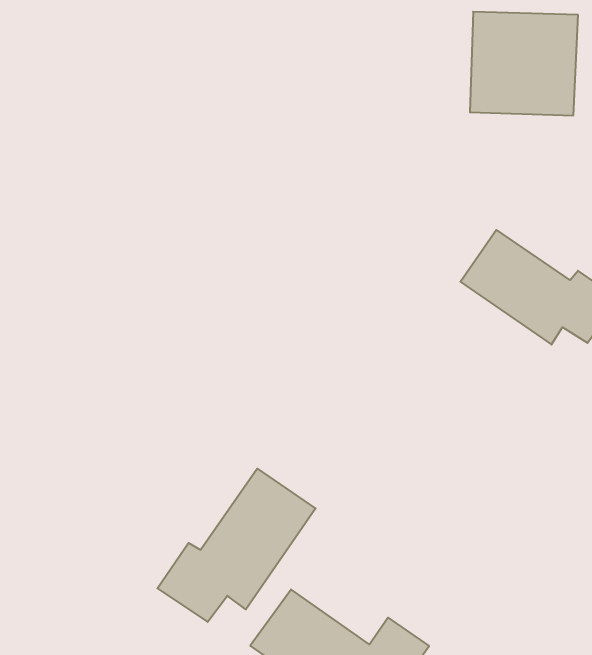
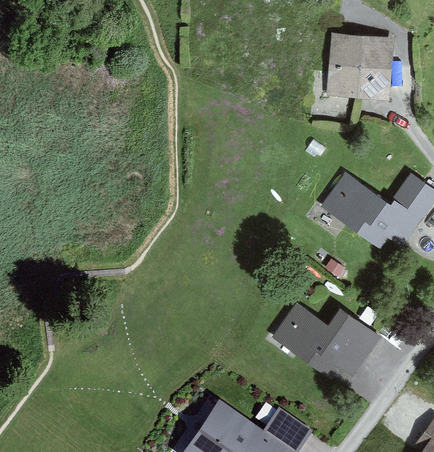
building: none -> [270,302,383,378]
building: [157,469,316,622] -> none

